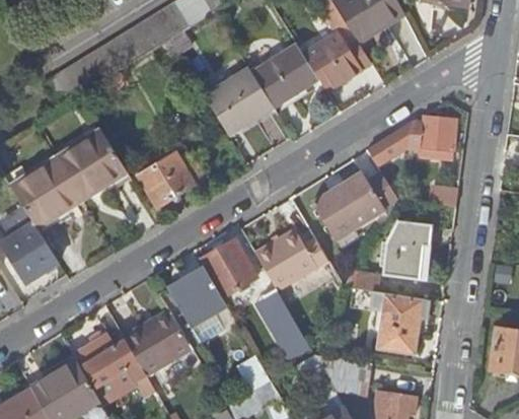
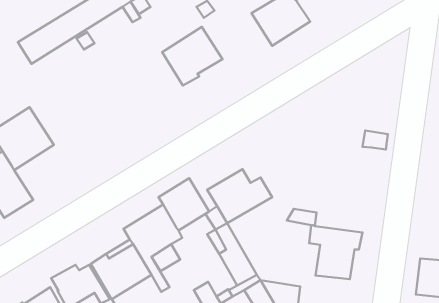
building: [251,44,319,110] -> none
building: [367,114,455,165] -> none
building: [55,130,127,201] -> none
building: [137,151,208,207] -> none
building: [311,170,397,236] -> none
building: [383,220,433,279] -> none

